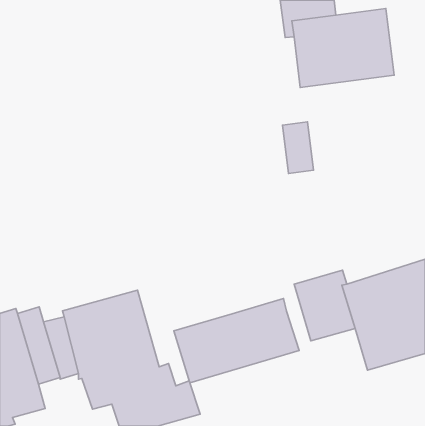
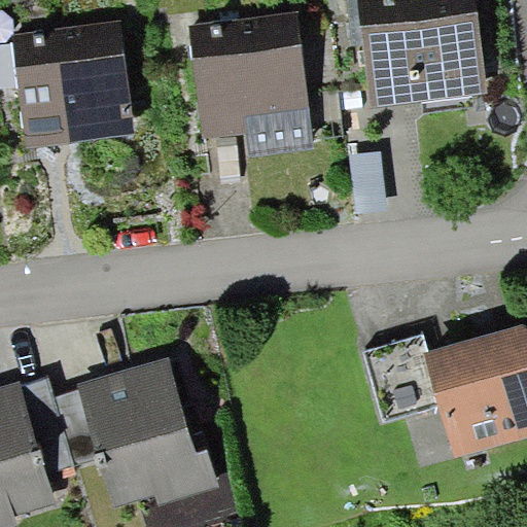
building: none -> [188,10,314,156]
building: none -> [10,20,135,147]
building: [174,299,299,383] -> none

